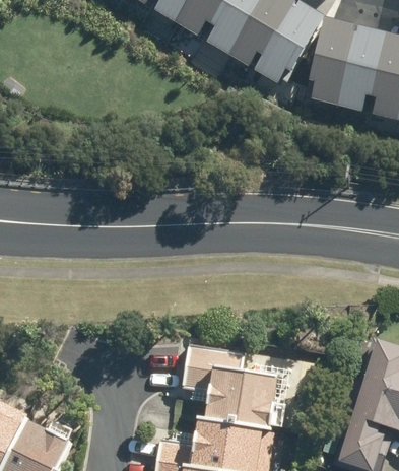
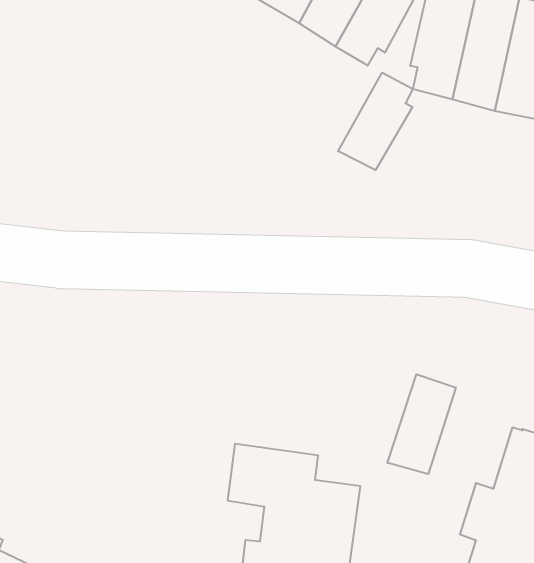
building: none -> [338,73,413,170]
building: none -> [387,374,456,474]

